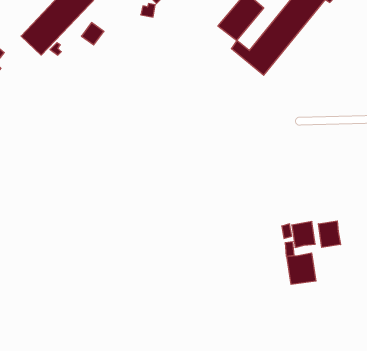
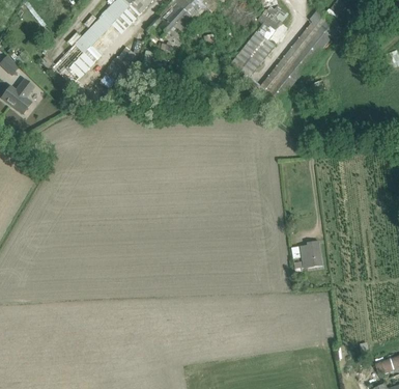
building: [318,221,341,247] -> none
building: [287,253,316,284] -> none

